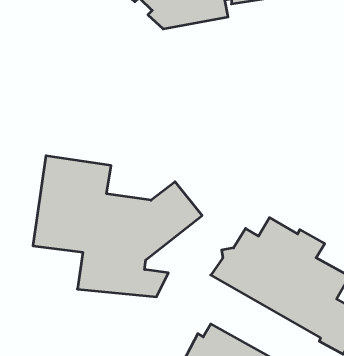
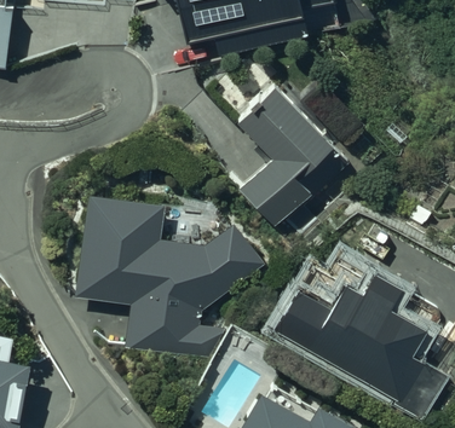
building: none -> [236,82,345,221]

